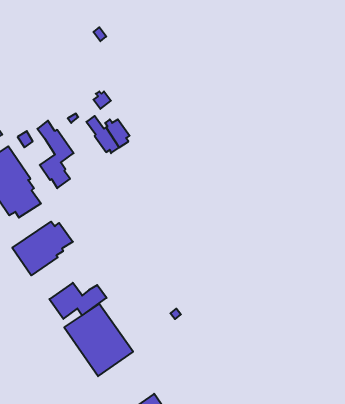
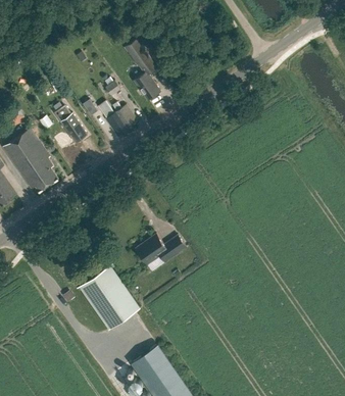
building: none -> [125,39,160,101]
building: [12,222,73,275] -> none
building: [49,283,107,319] -> [136,234,186,265]

